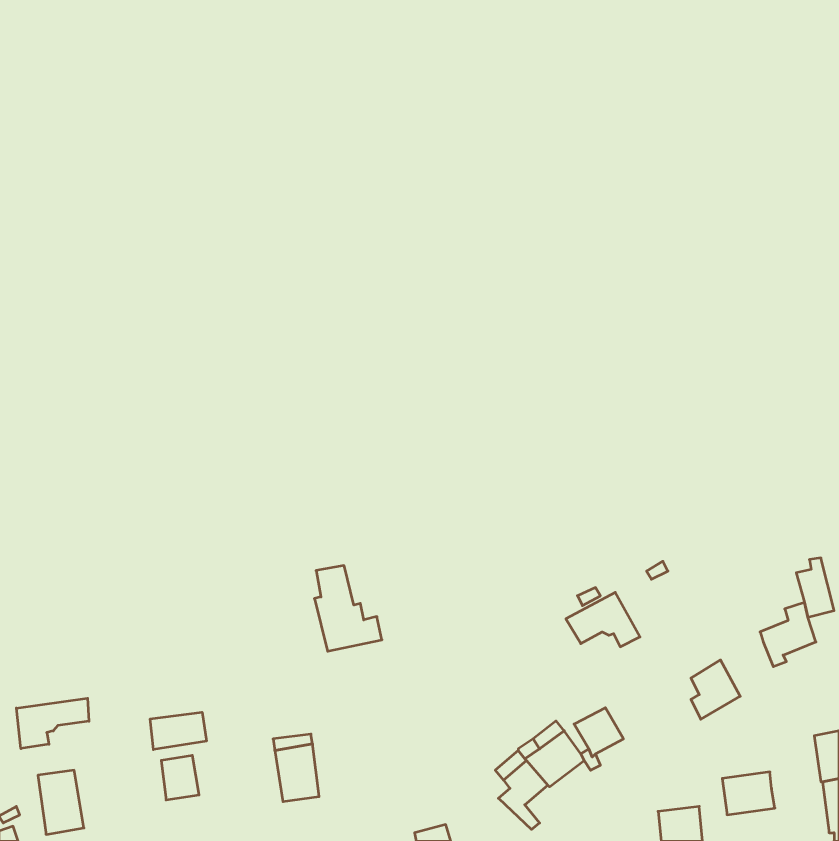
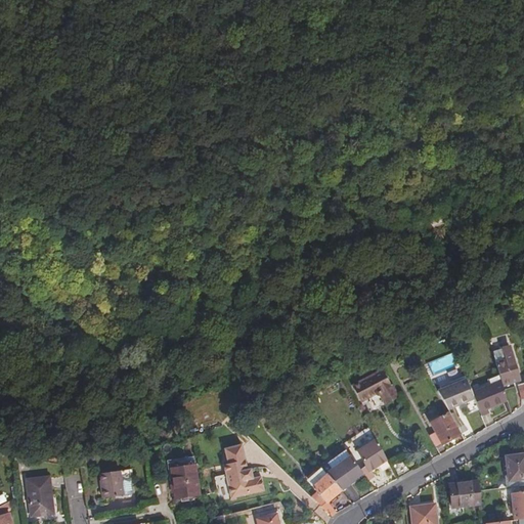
building: [314,566,382,651] -> [223,443,265,496]
building: none -> [437,379,475,408]
building: [16,698,89,749] -> none
building: [150,712,206,750] -> none

